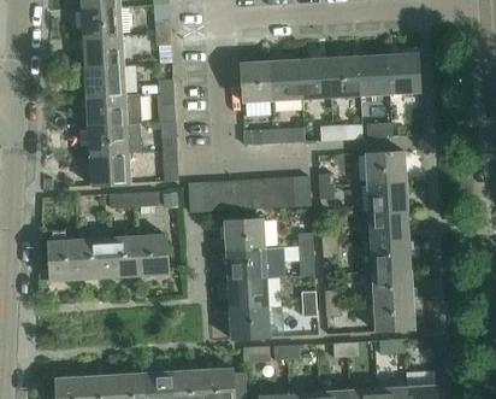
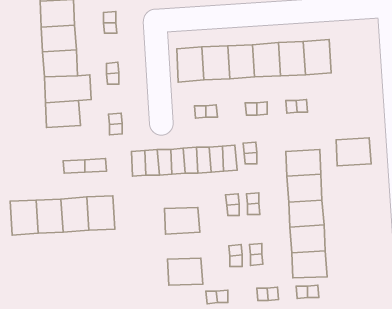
building: [366,151,407,183] -> [336,138,371,166]
building: [89,153,130,186] -> none
building: [225,218,265,250] -> none
building: [228,277,268,309] -> none

